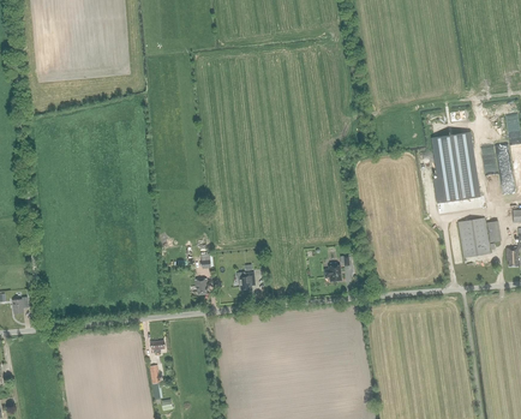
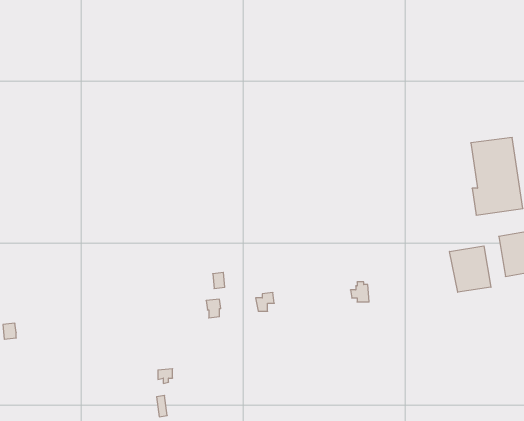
building: none -> [450,246,491,292]

